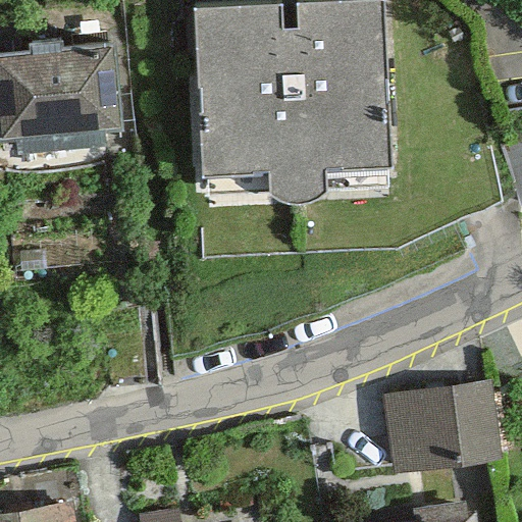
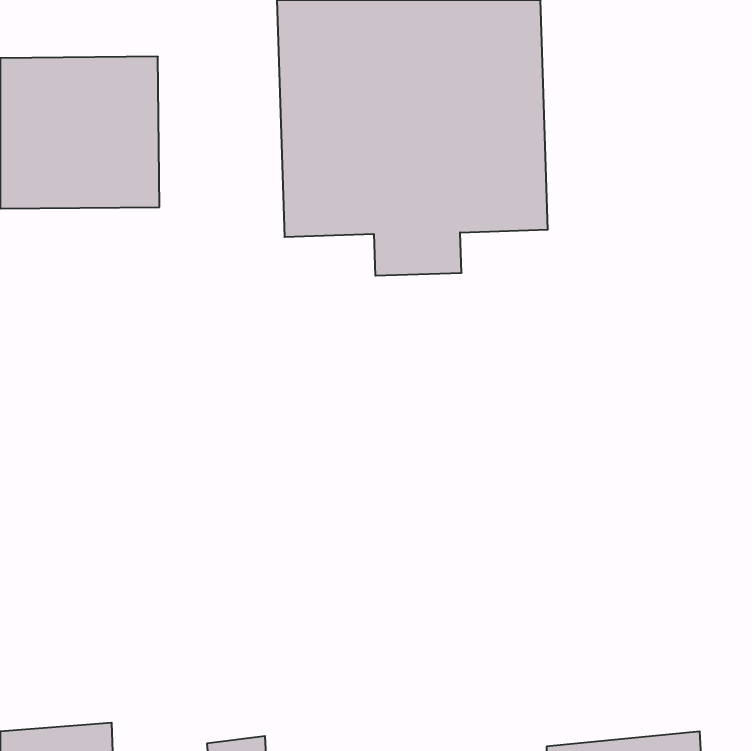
building: [388,388,500,472] -> none

